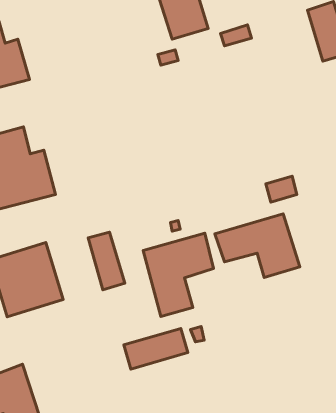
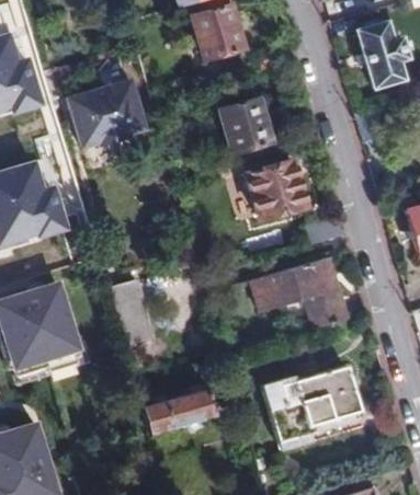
building: none -> [68,78,150,149]
building: none -> [217,99,271,154]
building: none -> [245,149,308,219]
building: [143,233,213,316] -> none
building: none -> [268,365,366,451]

